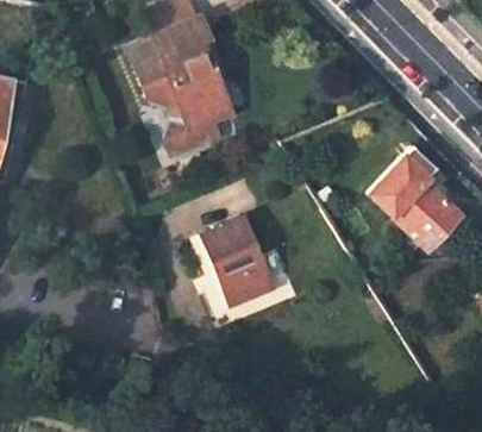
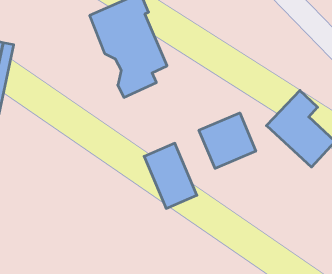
building: none -> [199,113,256,168]

